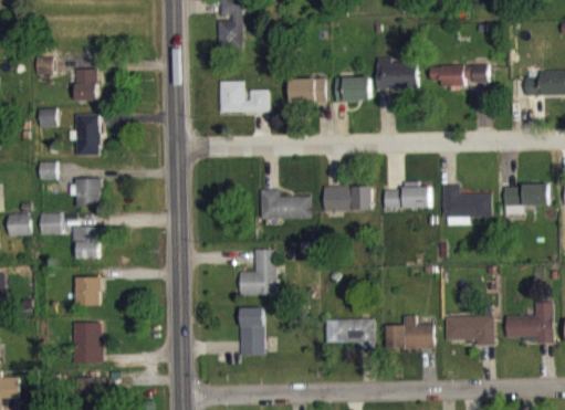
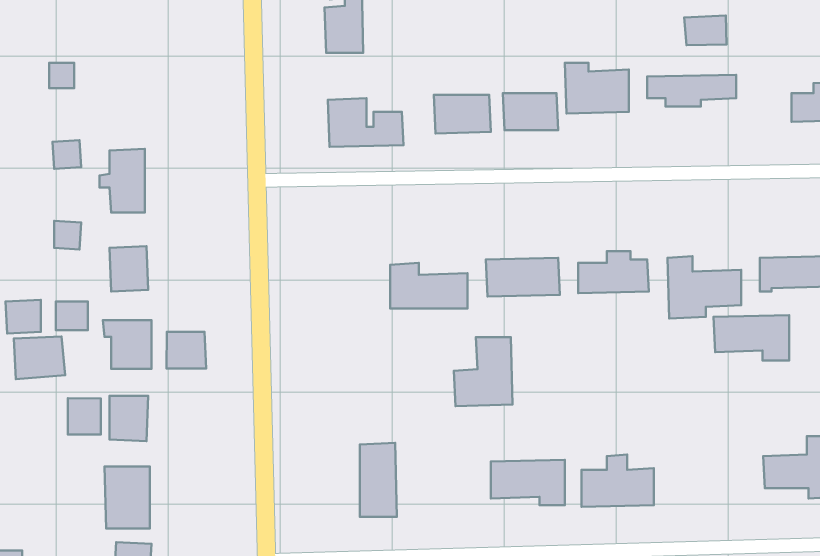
building: none -> [684,15,727,45]
building: [74,69,97,102] -> none
building: none -> [167,332,206,368]
building: none -> [14,336,65,379]
building: [239,250,278,295] -> [454,337,513,406]
building: none -> [68,398,101,435]
building: [444,316,494,346] -> [714,315,789,361]

